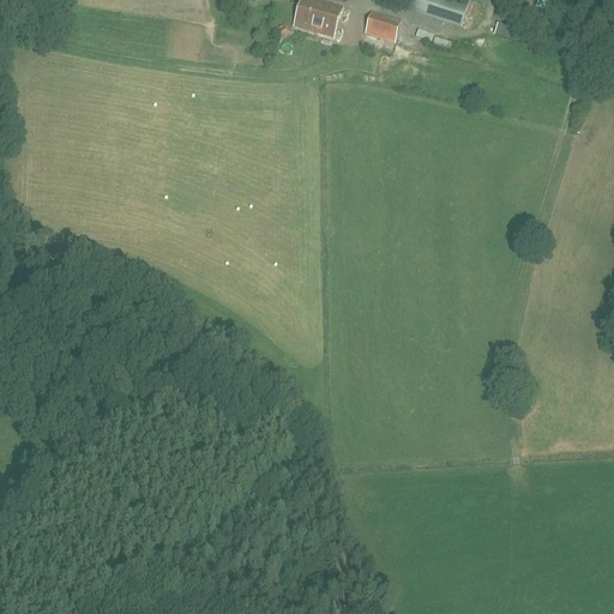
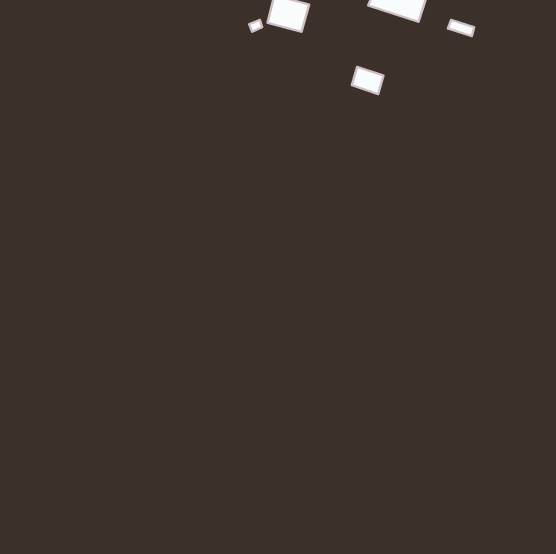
building: [365,10,399,40] -> [352,67,383,94]

